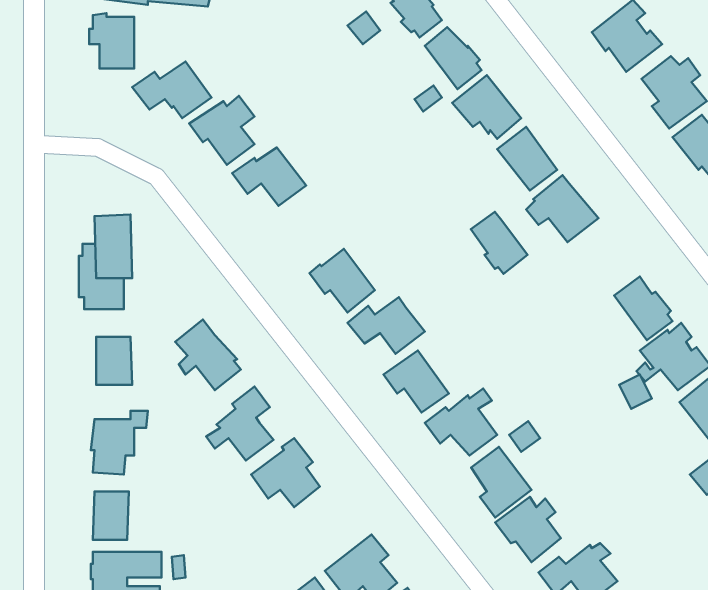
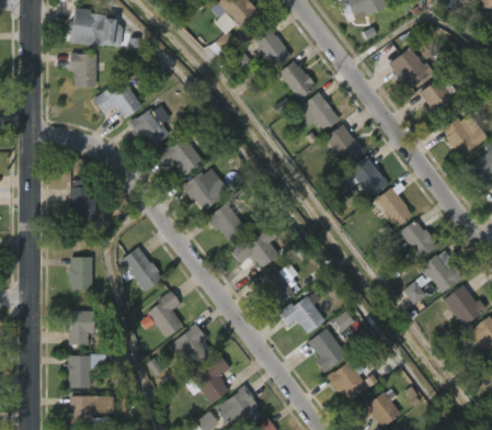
building: none -> [181,169,221,211]
building: [471,212,528,274] -> [377,188,413,227]
building: none -> [185,354,230,404]

